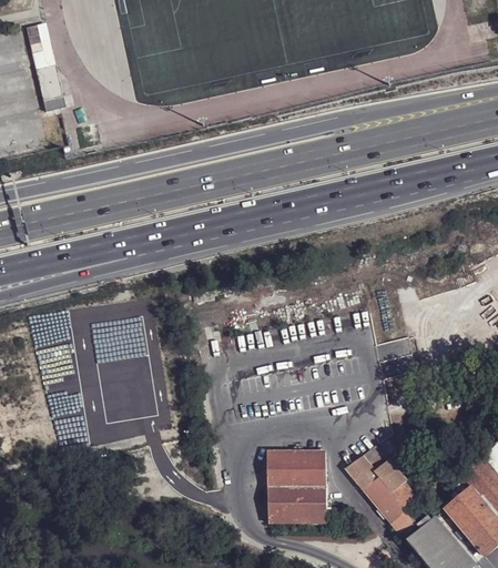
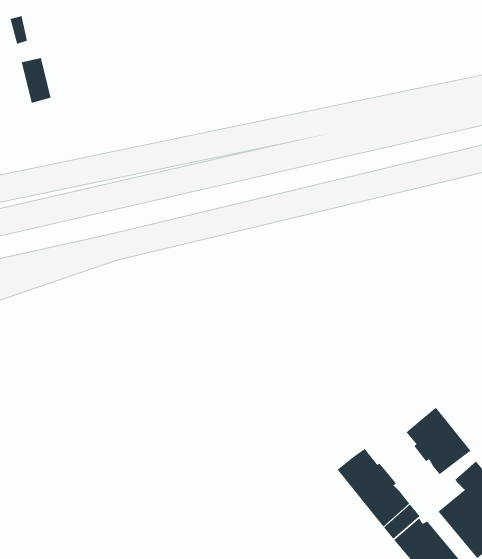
building: none -> [406,407,472,475]
building: [266,453,326,523] -> none

